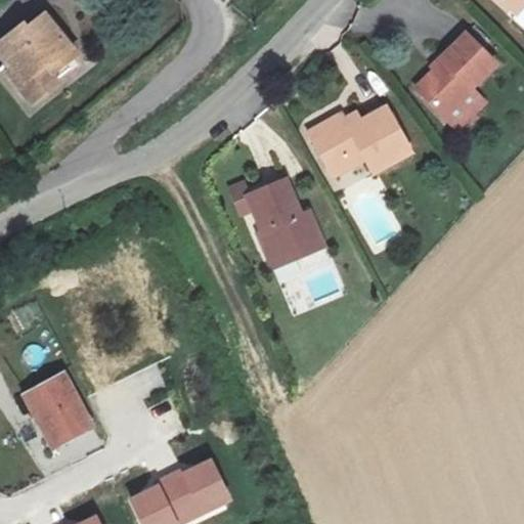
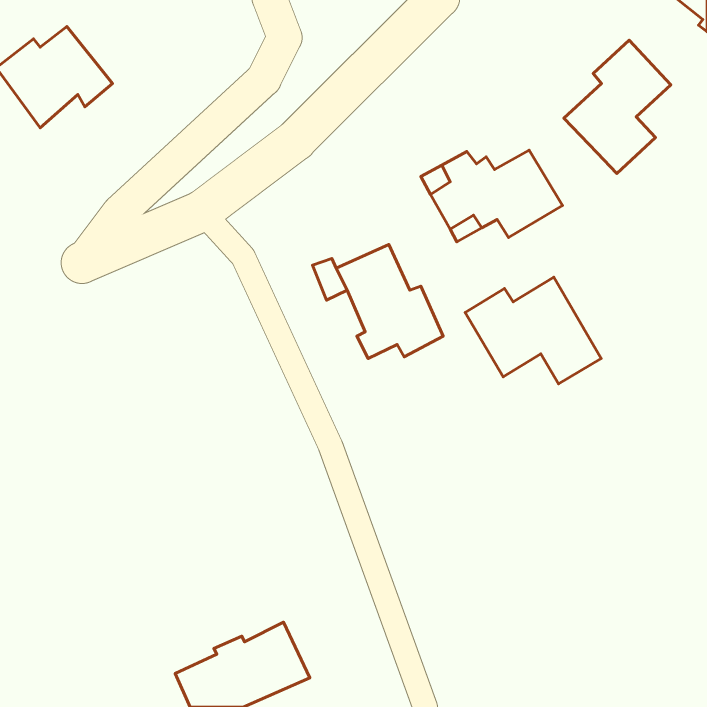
building: none -> [465,277,601,384]
building: [25,372,91,446] -> none

